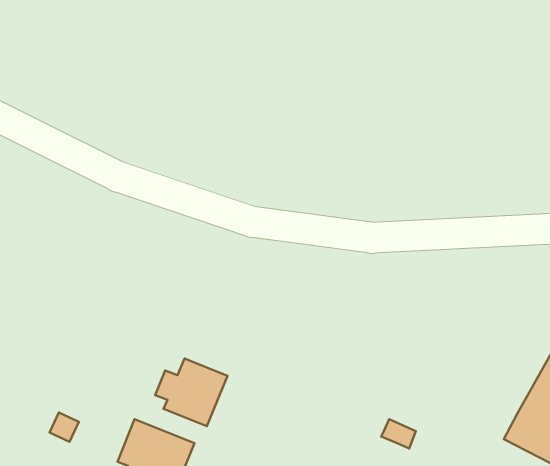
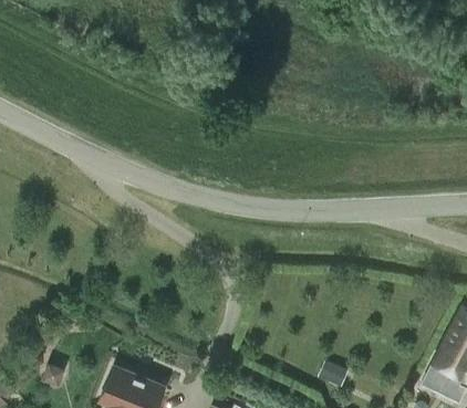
building: [155,358,228,426] -> none

